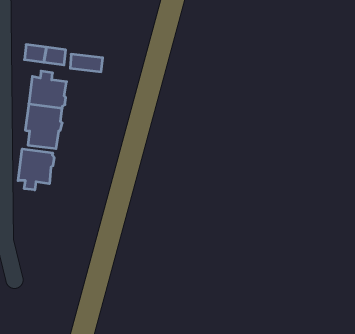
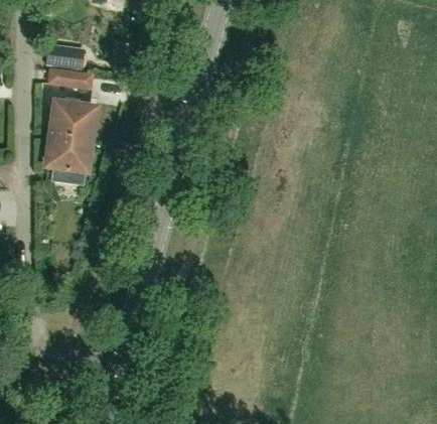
building: [70,54,103,72] -> [43,48,81,68]
building: [18,149,54,190] -> none

